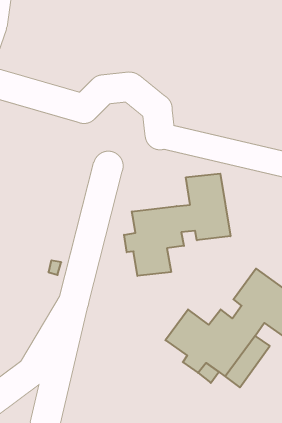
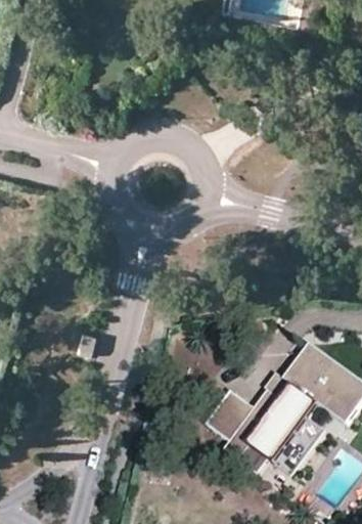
building: [124,174,230,276] -> none

